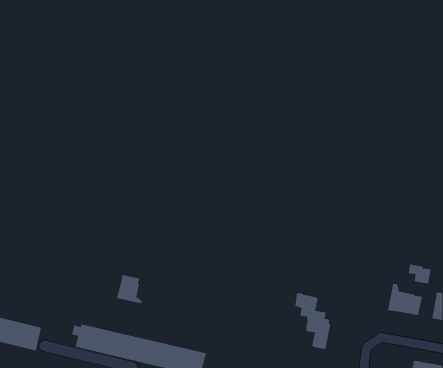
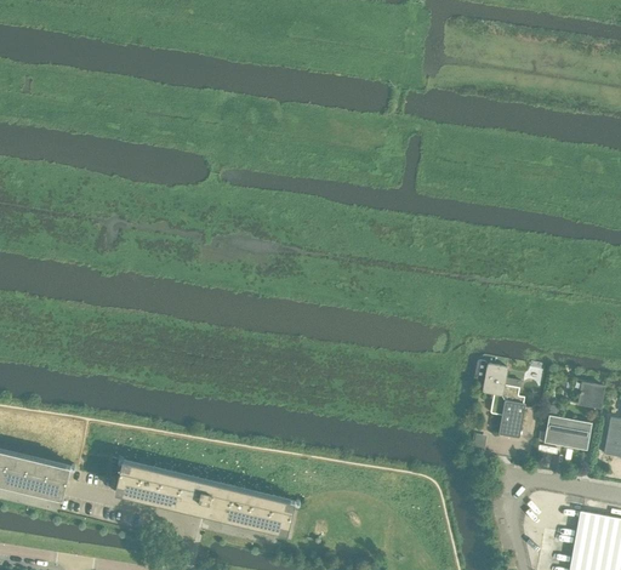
building: [116,274,142,304] -> none
building: [295,293,331,349] -> [475,361,525,439]

